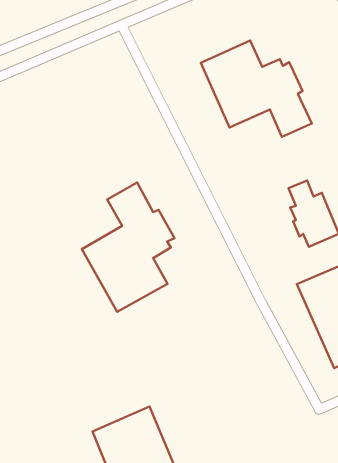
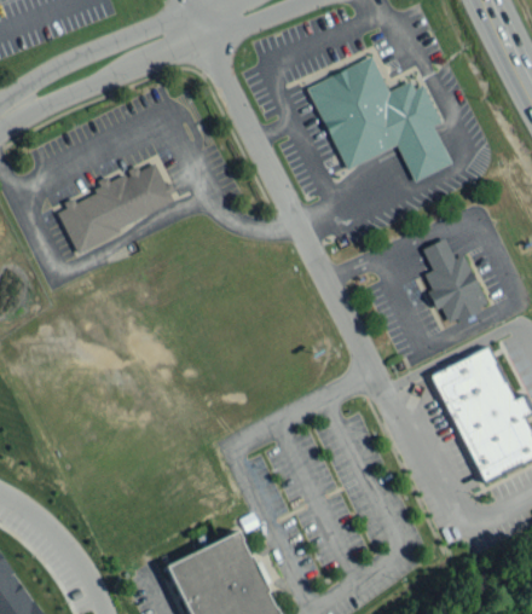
building: none -> [56,162,177,254]
building: [82,182,174,312] -> none

